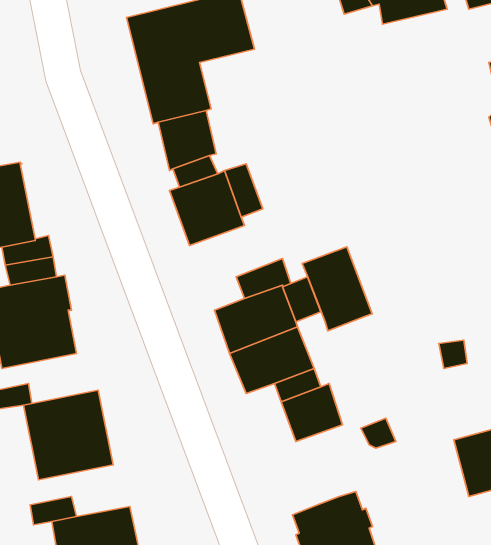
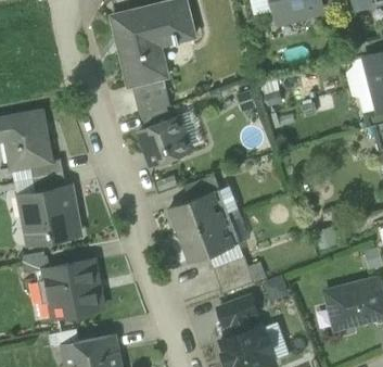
building: [302,247,372,331] -> none
building: none -> [218,298,256,334]

